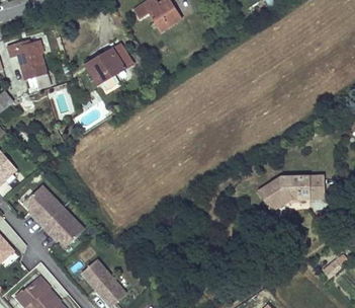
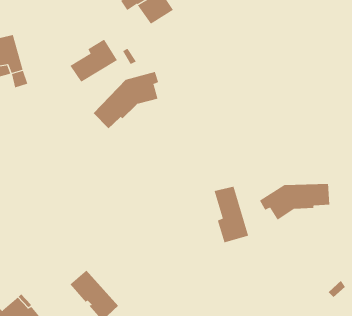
building: none -> [93,71,159,129]
building: none -> [214,186,249,243]
building: [30,182,90,241] -> none

